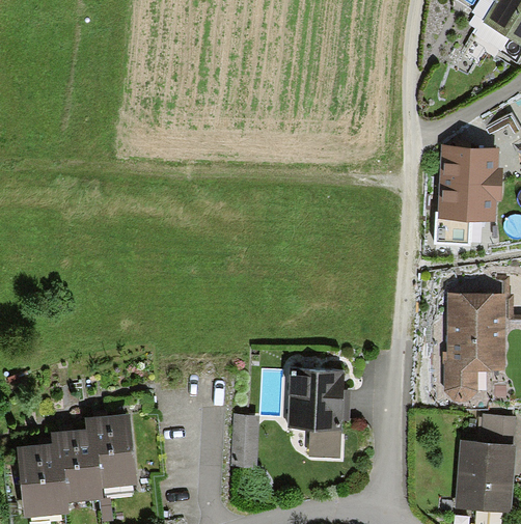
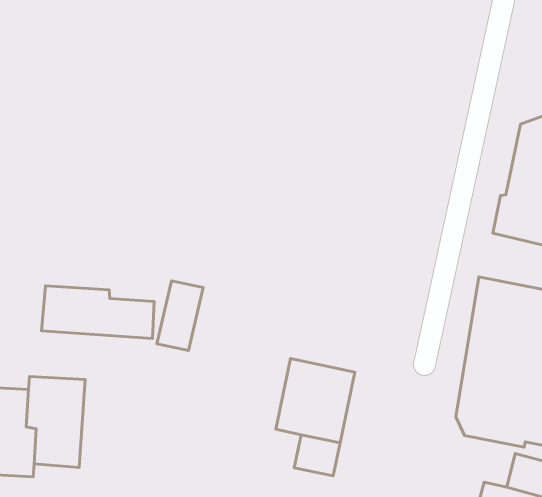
building: none -> [42,286,154,338]
building: [229,413,258,466] -> [157,281,203,350]

